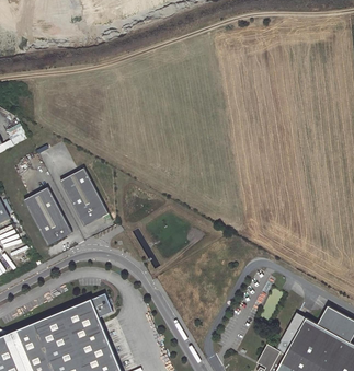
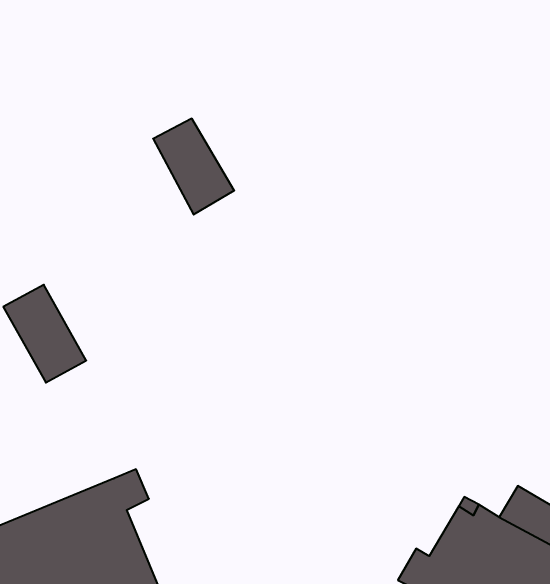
building: [60,167,109,224] -> [153,119,234,215]

